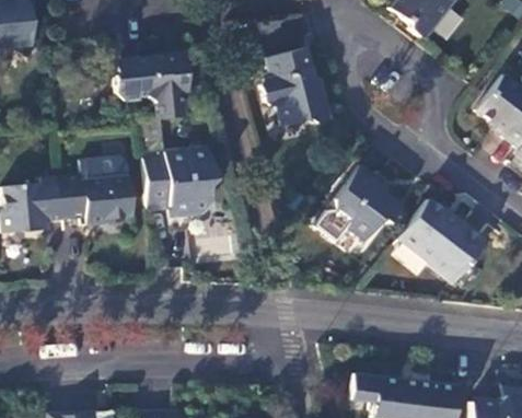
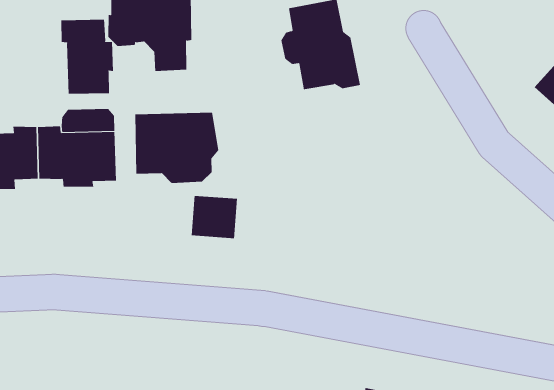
building: none -> [61,19,114,95]
building: [316,165,405,243] -> none
building: [399,199,484,285] -> none

